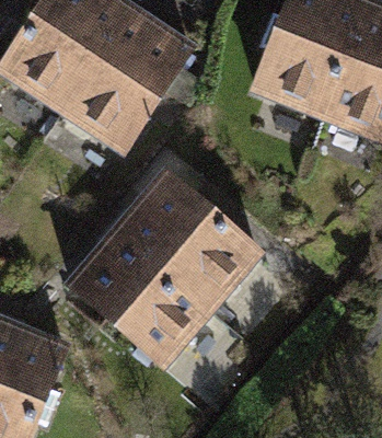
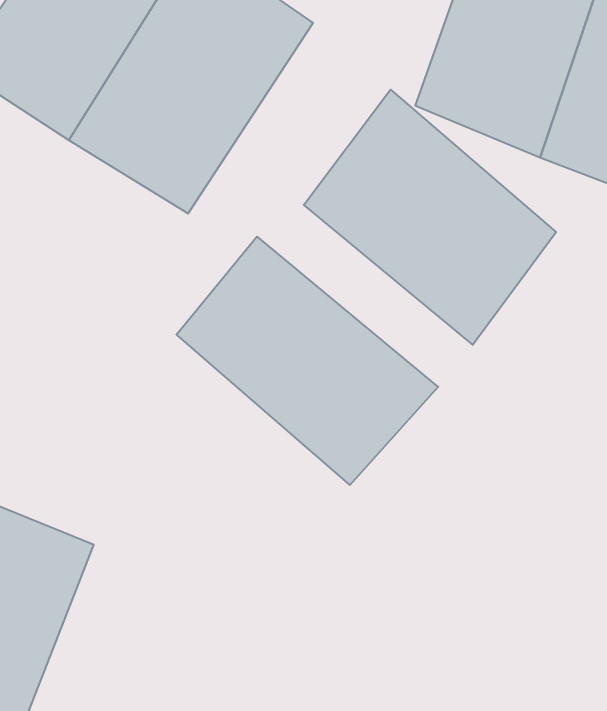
building: none -> [304,90,556,345]
building: [65,222,215,369] -> none

